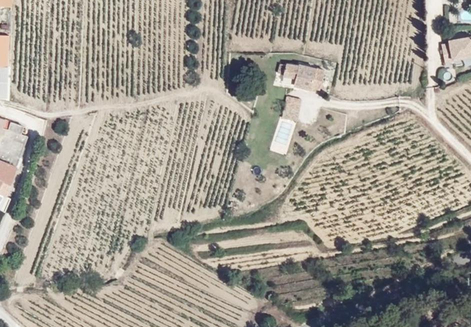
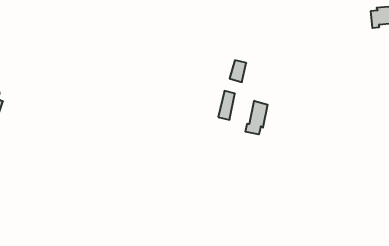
building: [279,65,317,91] -> none
building: none -> [245,101,268,134]

